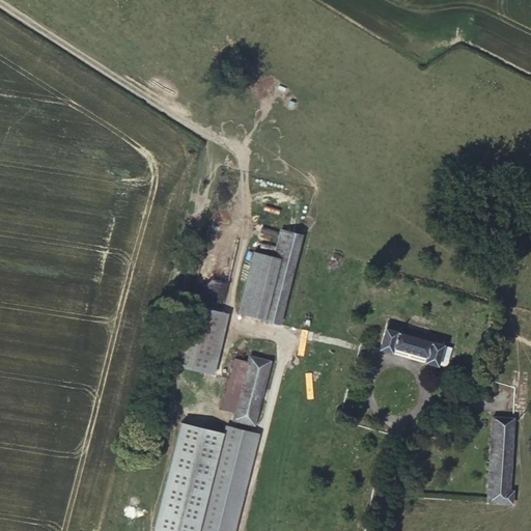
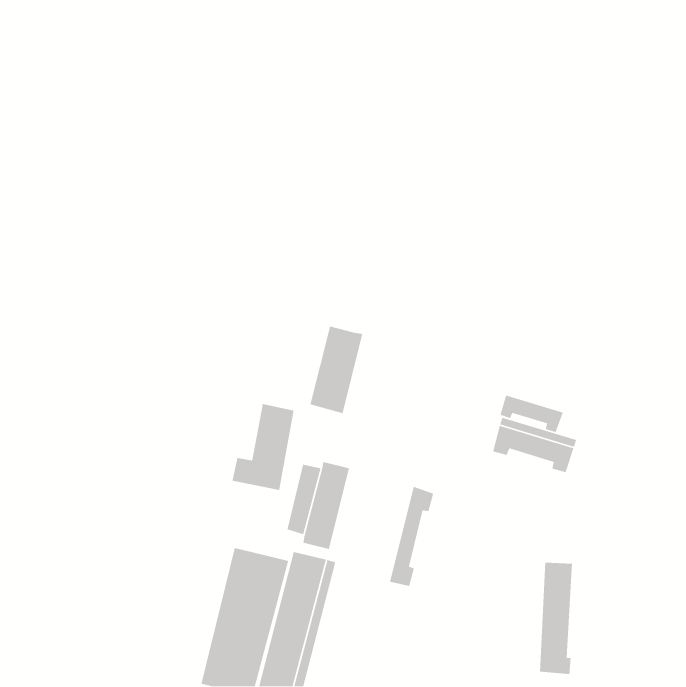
building: [266,229,303,324] -> none
building: none -> [499,394,564,433]
building: none -> [389,486,434,587]
building: [488,417,514,504] -> [539,562,573,675]

